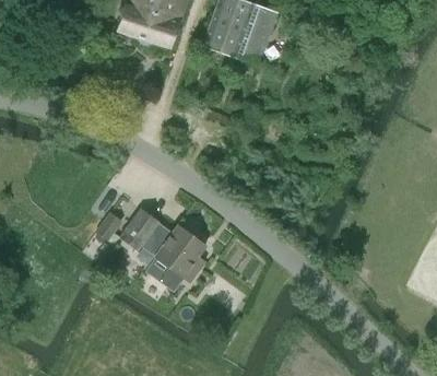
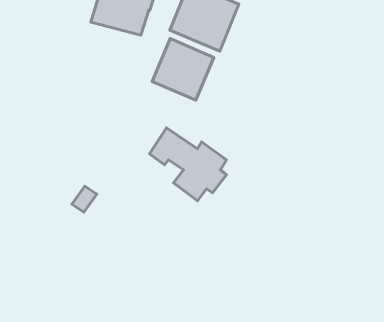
building: none -> [152,39,214,100]
building: [120,210,204,290] -> [149,128,226,201]

